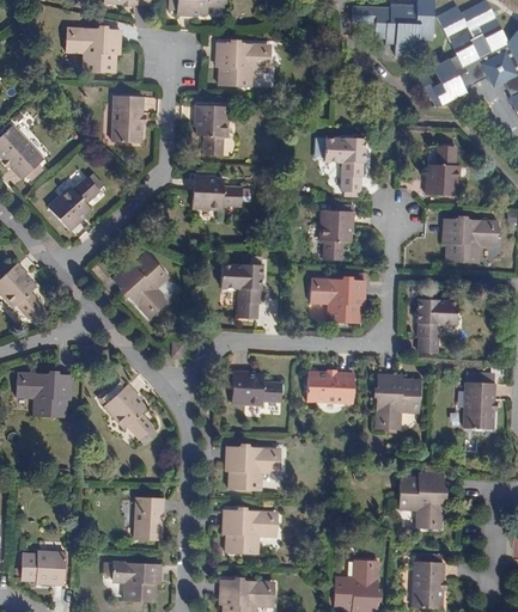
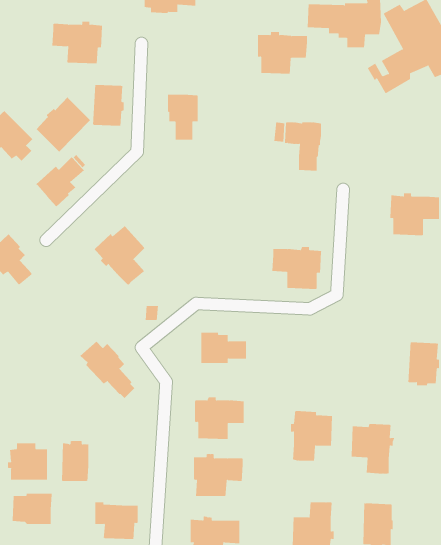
building: [215,38,272,86] -> [257,31,308,74]
building: none -> [36,97,91,153]
building: [425,143,461,195] -> none
building: [191,175,244,210] -> none
building: [319,209,355,261] -> none
building: [220,264,263,319] -> none
building: [415,298,457,353] -> none
building: [16,368,73,417] -> none
building: [306,368,353,404] -> none
building: [372,373,420,429] -> [290,411,333,461]
building: none -> [8,442,48,481]
building: [133,494,164,539] -> [61,441,89,481]

